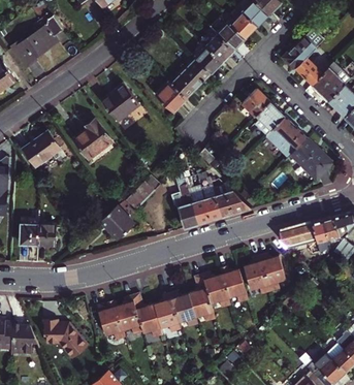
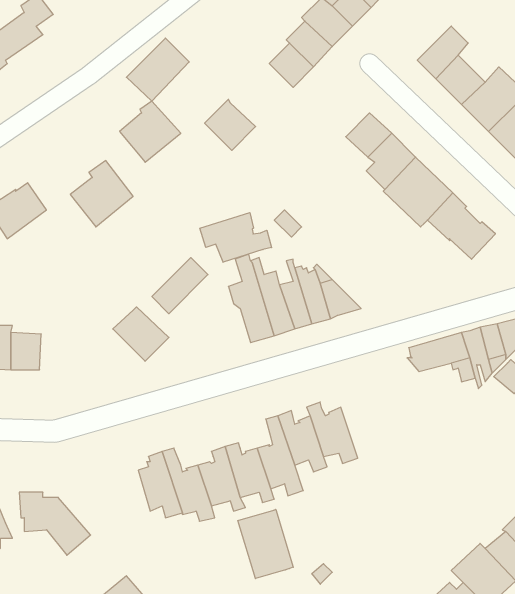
building: [170,60,208,98] -> [126,38,189,101]
building: none -> [200,213,272,262]
building: [245,252,283,293] -> none
building: [96,299,124,339] -> none
building: none -> [238,509,293,579]

